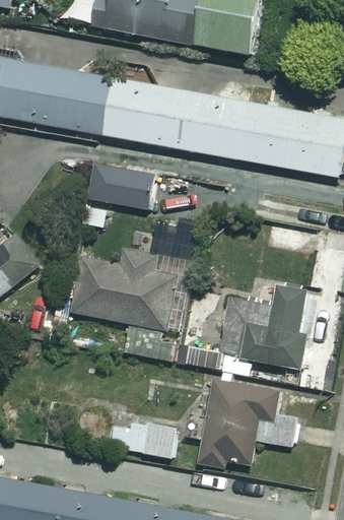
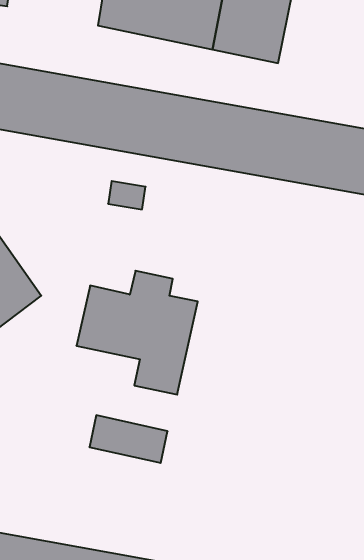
building: [176,288,314,375] -> none
building: [197,379,300,474] -> none
building: [107,415,177,458] -> [89,415,168,463]

